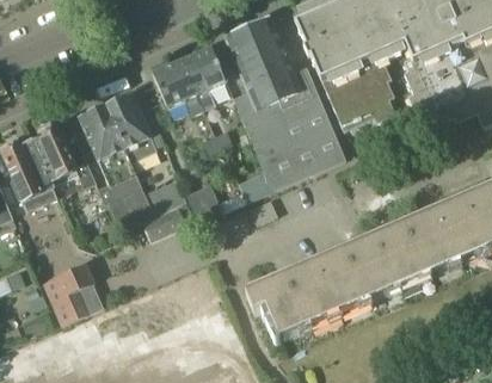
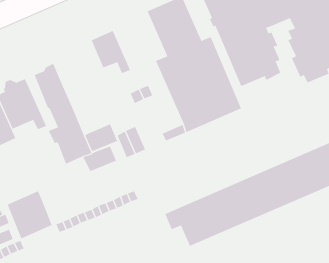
building: [179,44,226,109] -> none
building: [103,92,155,160] -> none

